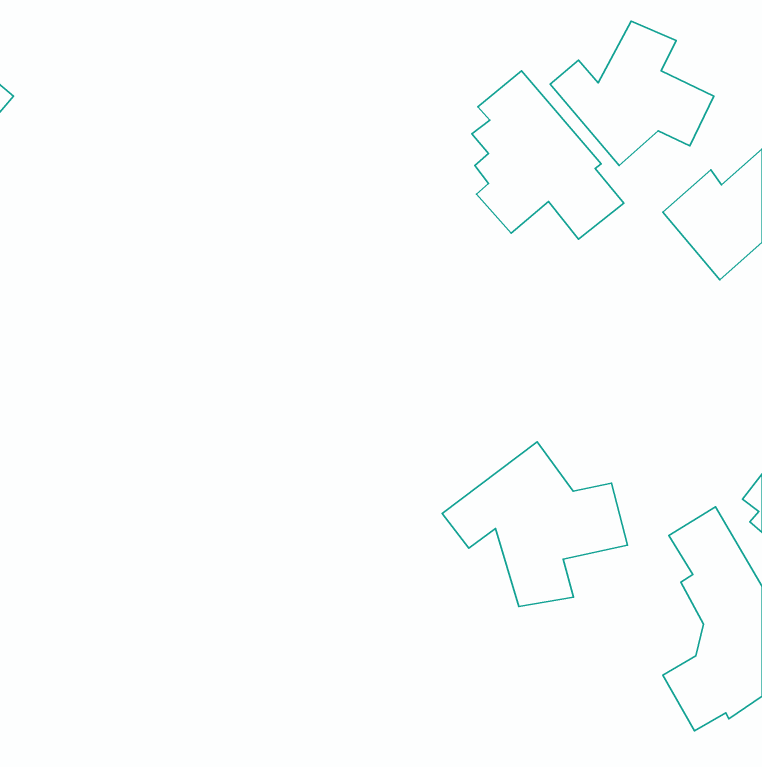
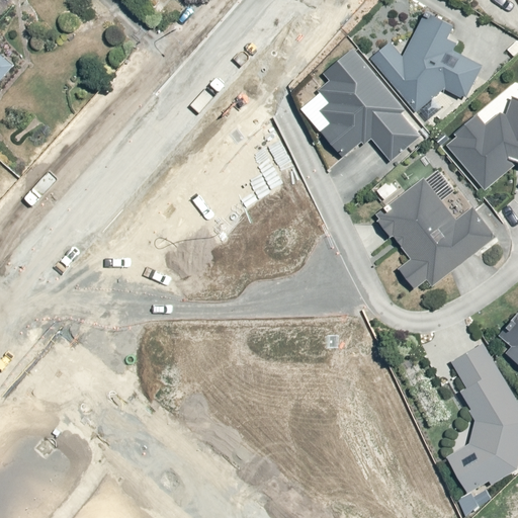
building: none -> [377,178,497,288]
building: [442,442,628,606] -> none

